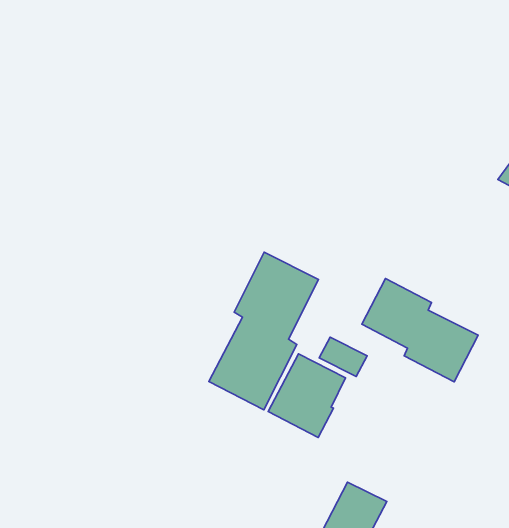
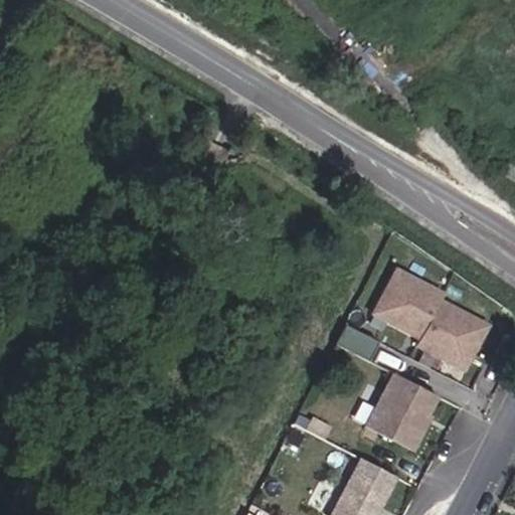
building: [209,252,318,410] -> none
building: [268,354,345,438] -> [366,373,438,451]

